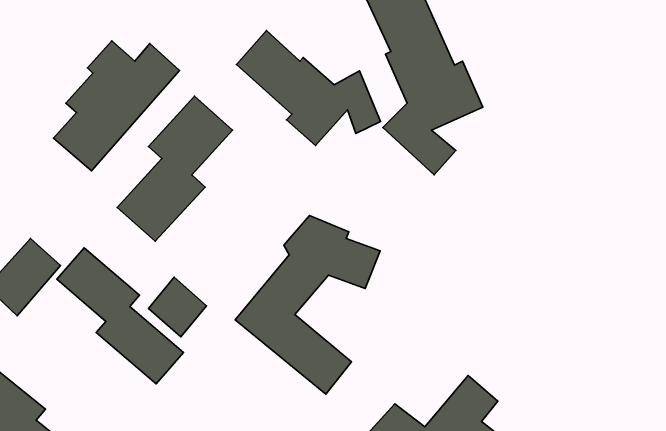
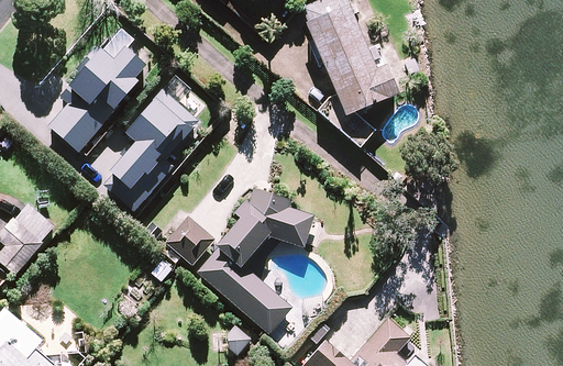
building: [236,31,381,146] -> none
building: [57,248,184,384] -> none
building: [148,277,207,337] -> [167,215,214,264]

